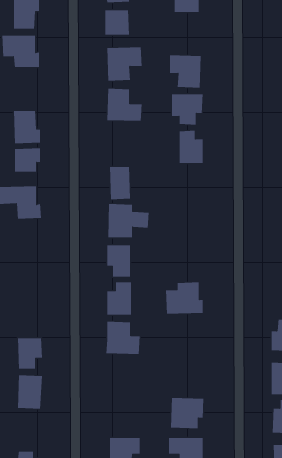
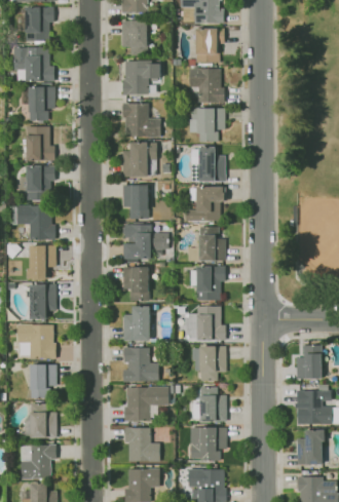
building: none -> [195,28,224,64]
building: none -> [29,86,54,121]
building: none -> [122,142,157,177]
building: none -> [186,187,225,221]
building: none -> [199,227,225,261]
building: none -> [29,245,55,279]
building: none -> [196,266,225,300]
building: none -> [30,284,56,320]
building: none -> [17,324,54,357]
building: none -> [200,346,226,380]
building: none -> [124,386,168,421]
building: none -> [199,387,226,422]
building: none -> [124,428,159,462]
building: none -> [21,445,56,479]

